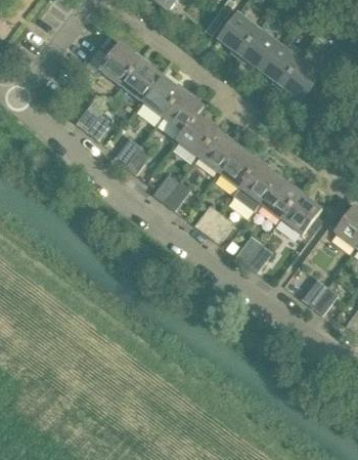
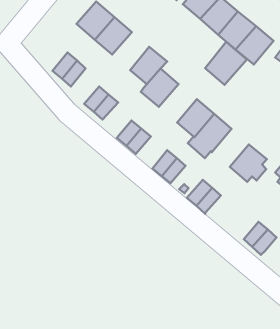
building: [141,74,182,117] -> none
building: none -> [205,42,247,85]
building: [197,129,239,172] -> none
building: [260,175,301,218] -> none

